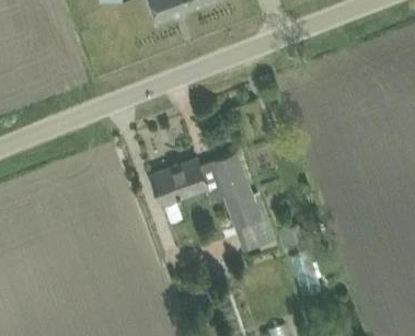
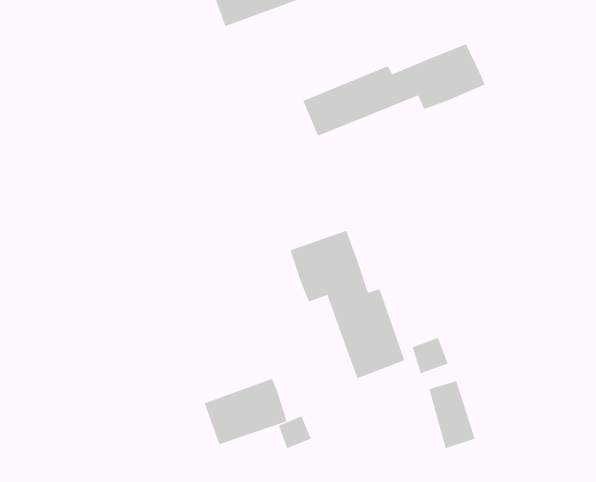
building: none -> [302,44,486,137]
building: [151,159,206,202] -> [204,378,287,445]

